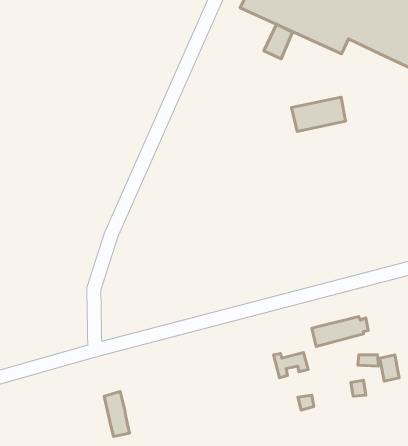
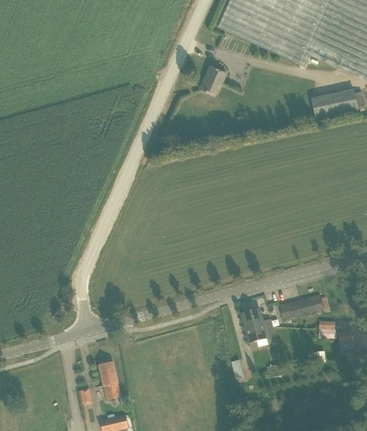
building: [264,24,293,59] -> [200,64,225,94]
building: [291,97,346,132] -> [311,87,358,117]
building: none -> [242,306,272,329]

